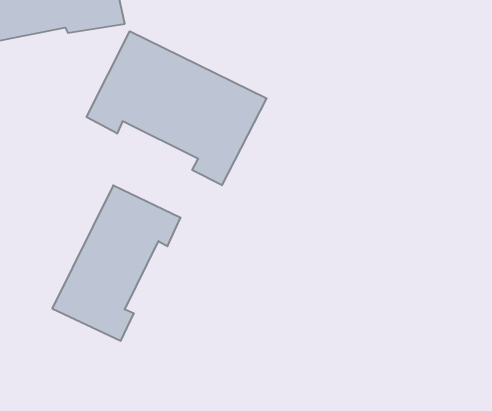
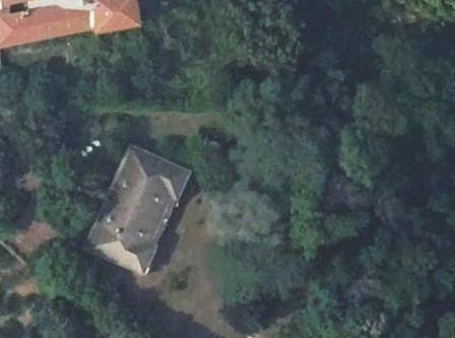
building: [87,31,267,185] -> none

